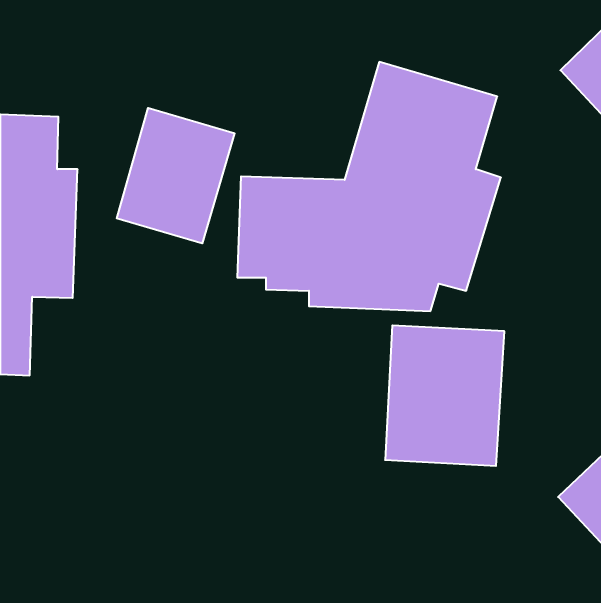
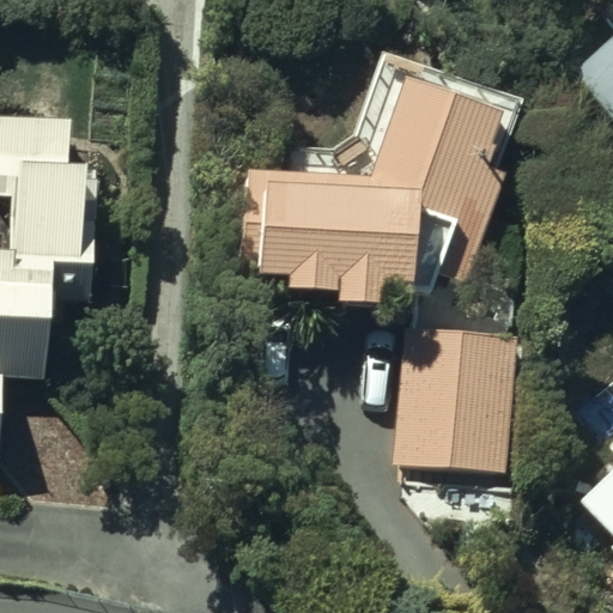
building: [117,108,235,243] -> none

